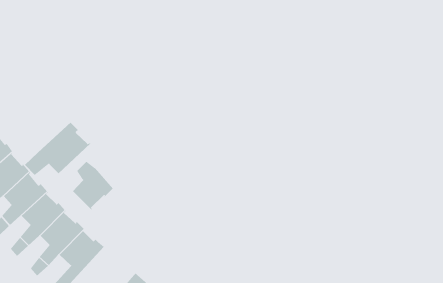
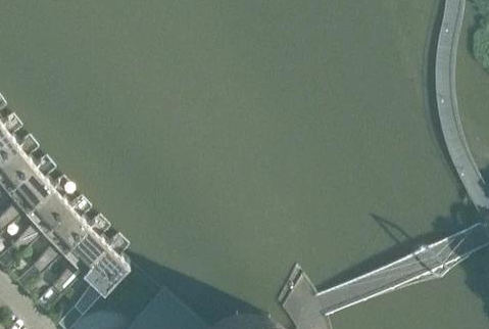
building: [24,122,91,176] -> none
building: [72,161,114,211] -> none

